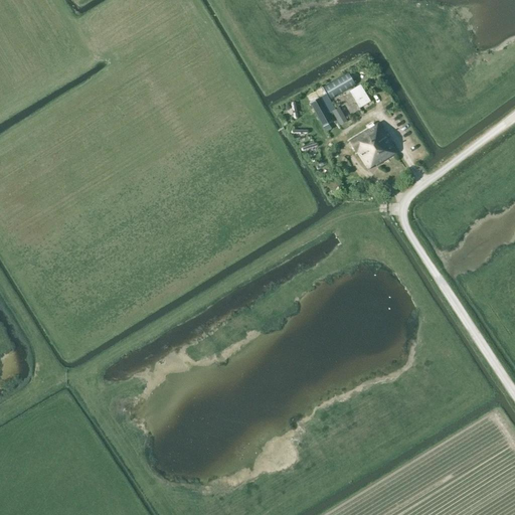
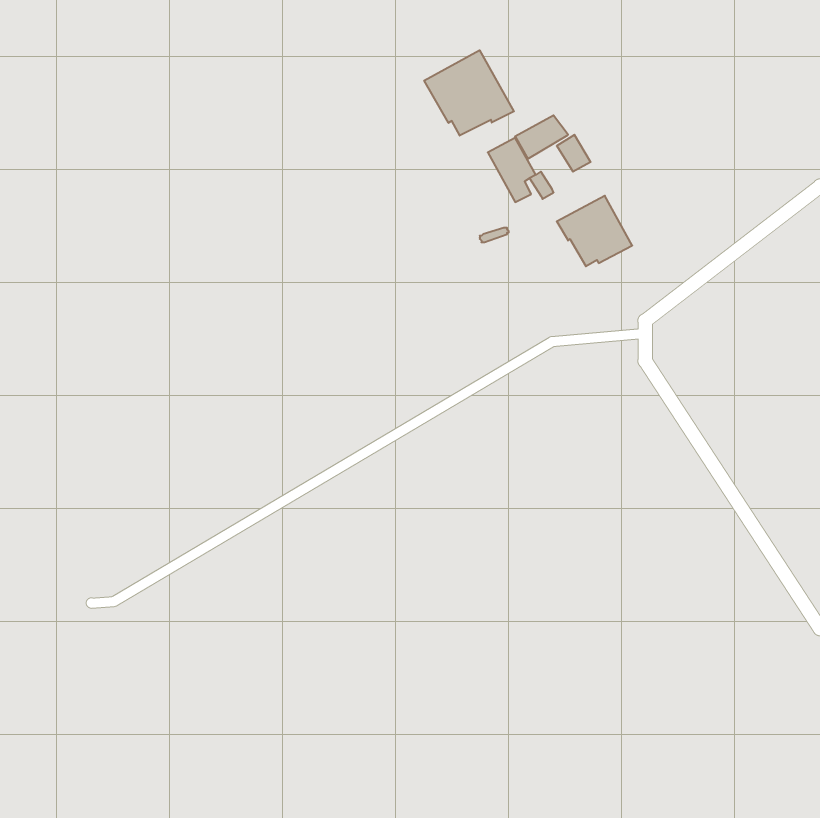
building: none -> [424,50,514,136]

